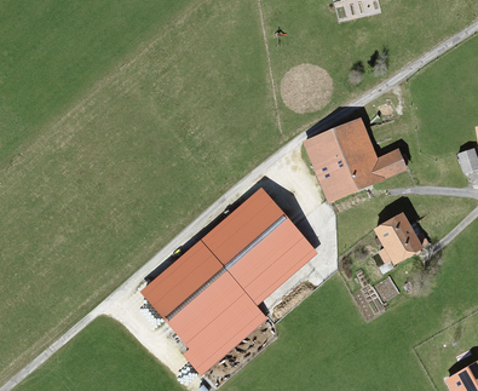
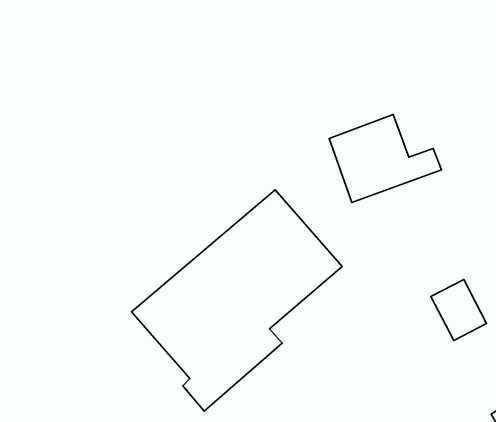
building: [372,212,419,264] -> [431,280,486,341]

